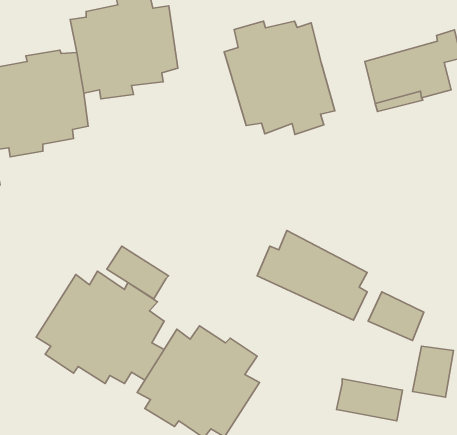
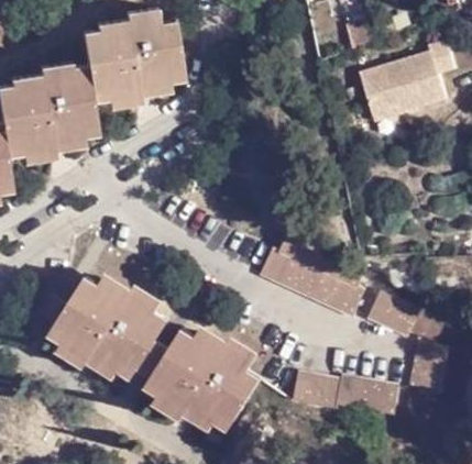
building: [224,21,335,134] -> none
building: [107,246,169,299] -> none
building: none -> [294,375,343,413]

